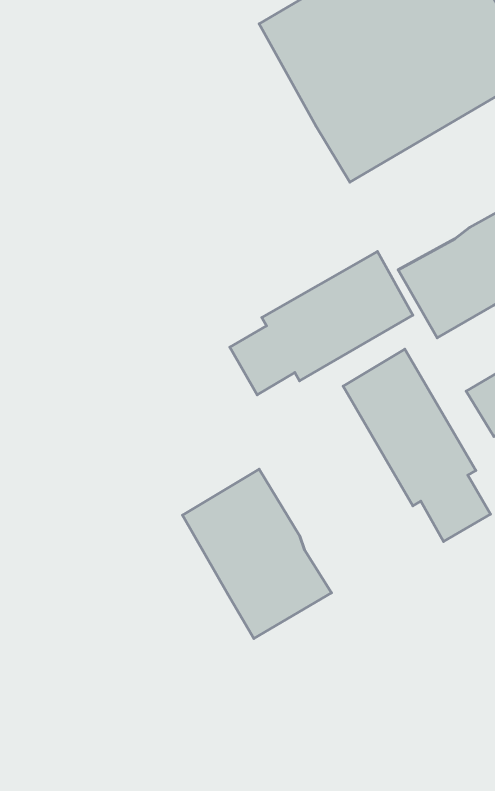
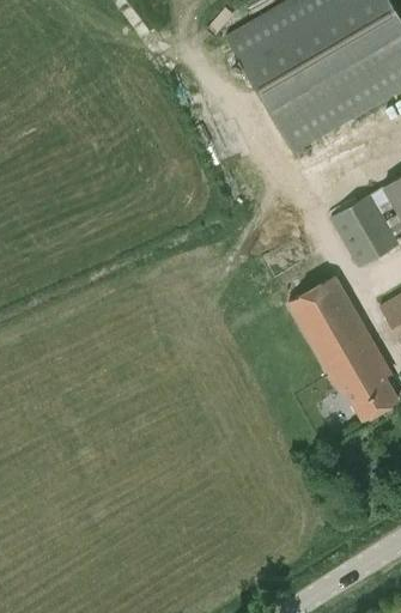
building: [230,252,413,395] -> none
building: [183,469,332,639] -> none

